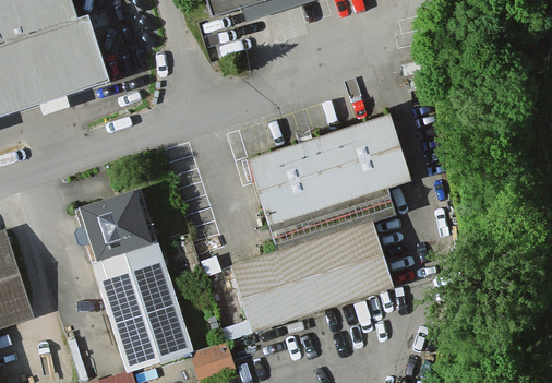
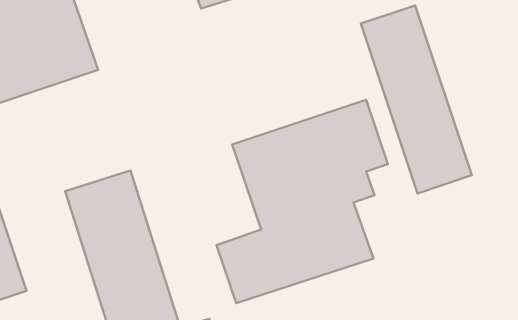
building: none -> [361,5,472,193]

